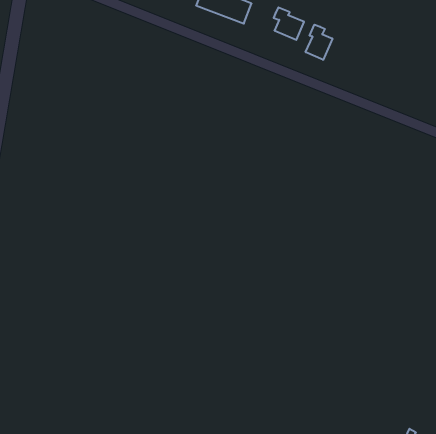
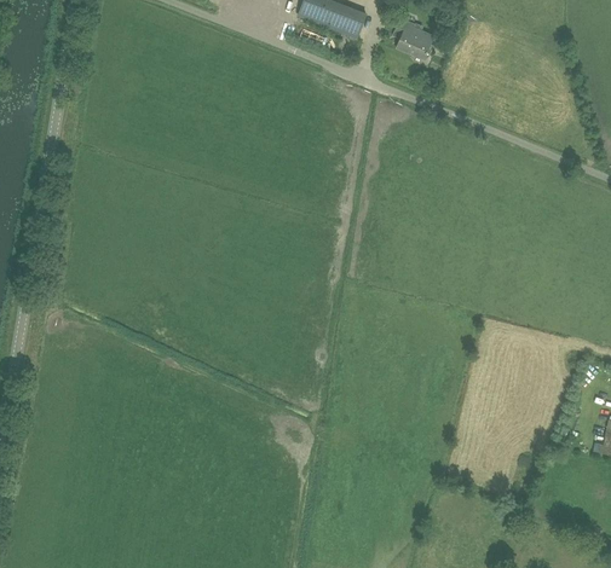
building: [306,25,332,60] -> none

